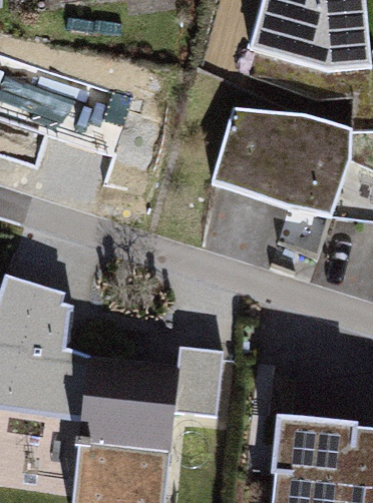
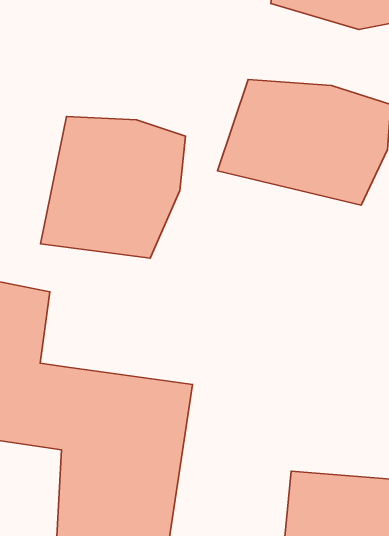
building: none -> [41,117,186,258]

